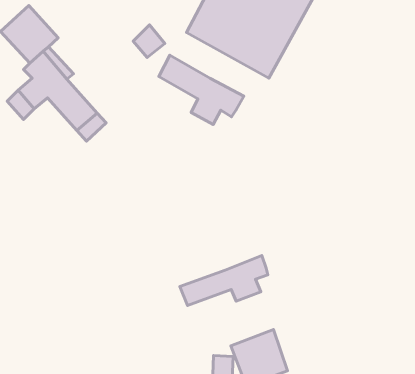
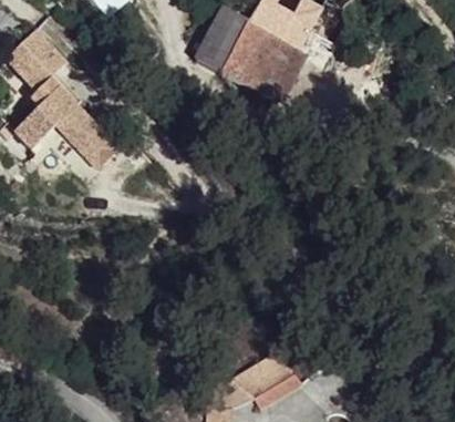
building: [159,55,244,125] -> none
building: [180,256,268,305] -> none

